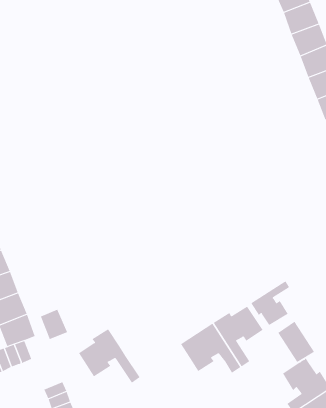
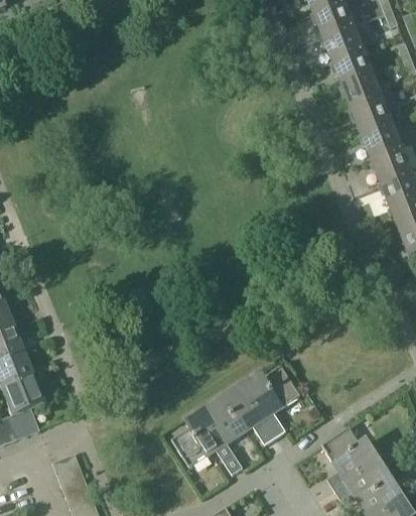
building: [250,281,290,326] -> none
building: [40,309,68,340] -> none
building: [278,321,315,363] -> none
building: [78,328,140,384] -> [172,412,243,475]

